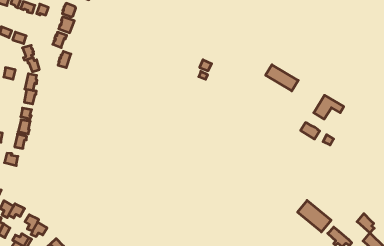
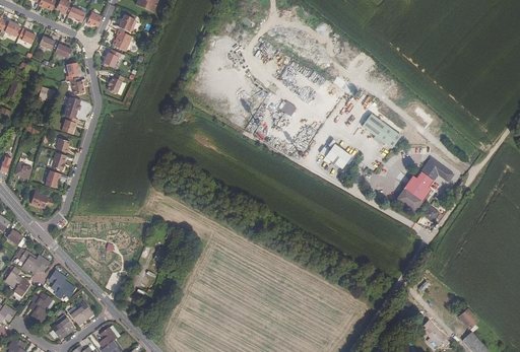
building: none -> [323,142,352,167]
building: [298,200,331,232] -> none

